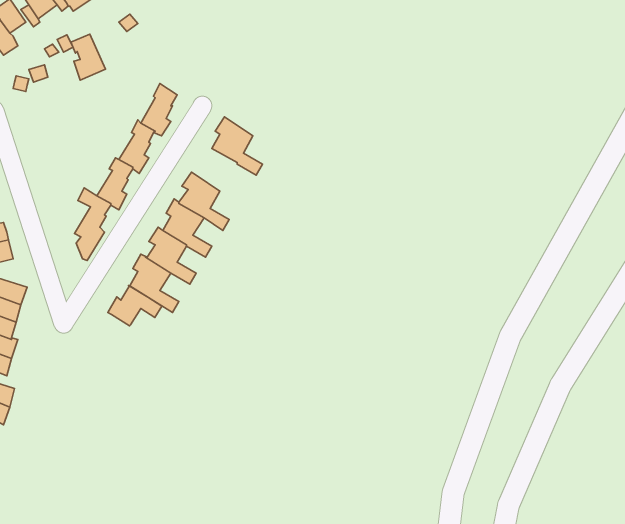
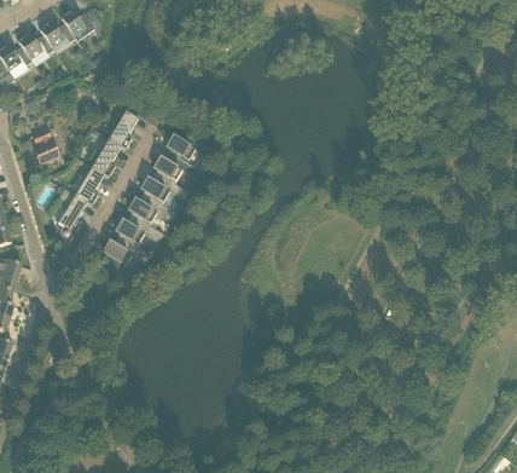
building: [71,34,106,80] -> [33,127,59,162]
building: none -> [151,154,188,197]
building: [108,286,162,326] -> none

